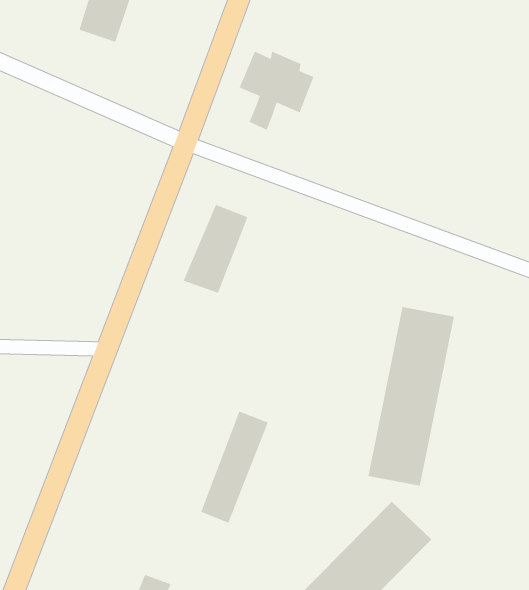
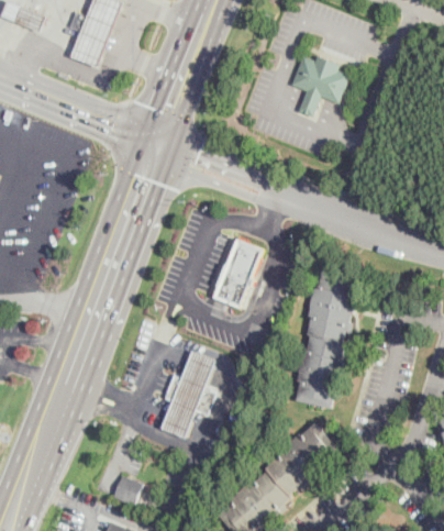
building: [239,51,314,131] -> [290,55,348,117]
building: [183,204,248,294] -> [211,237,262,307]

